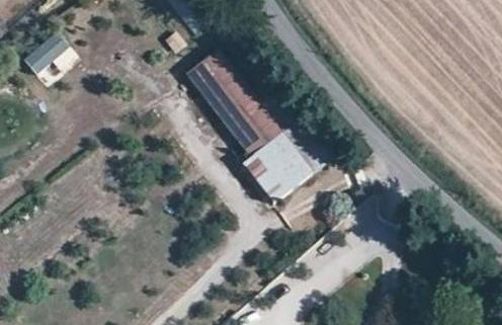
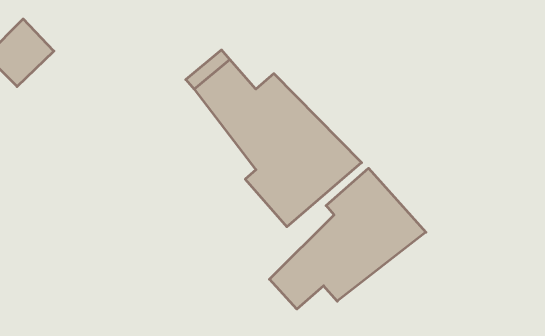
building: none -> [269,168,426,309]

